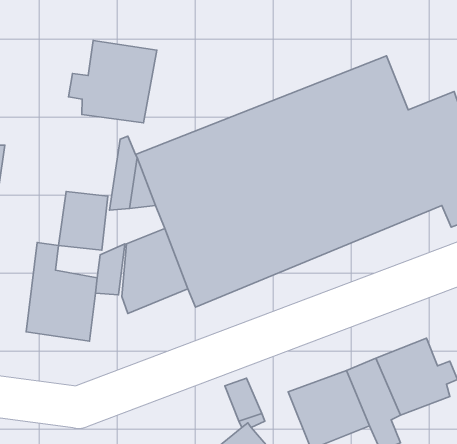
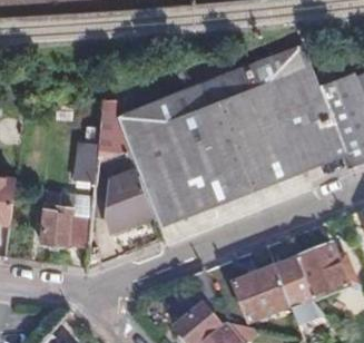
building: [69,40,157,123] -> none

